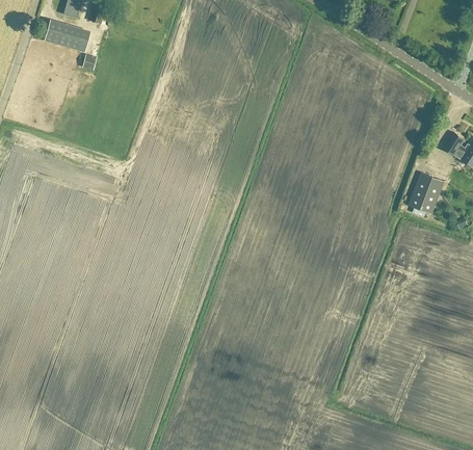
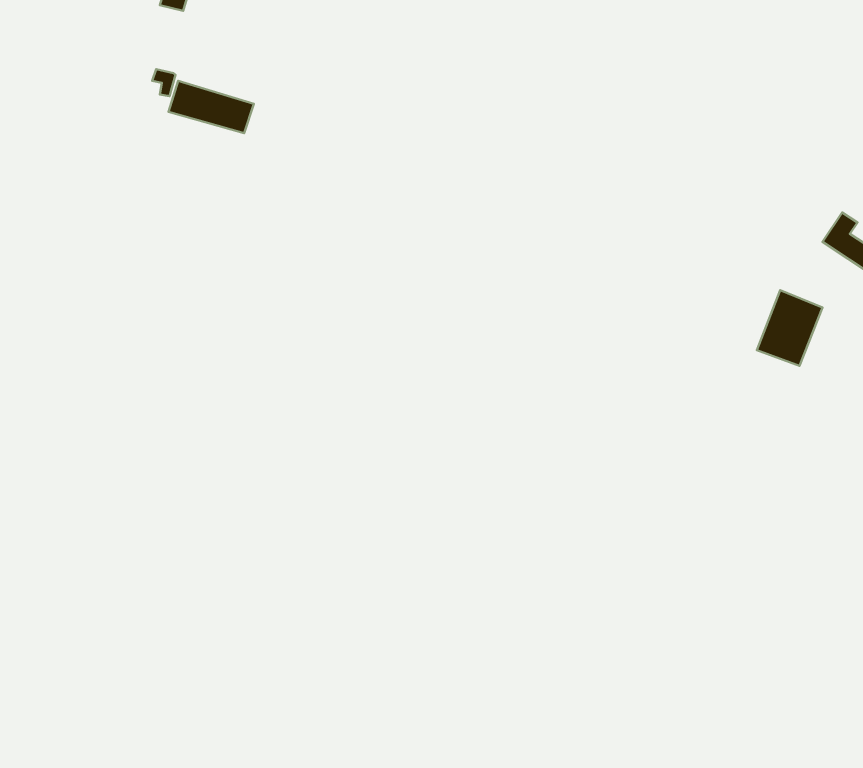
building: [44,23,89,51] -> [169,81,254,133]

